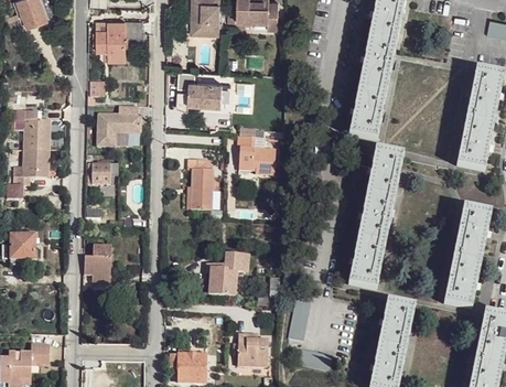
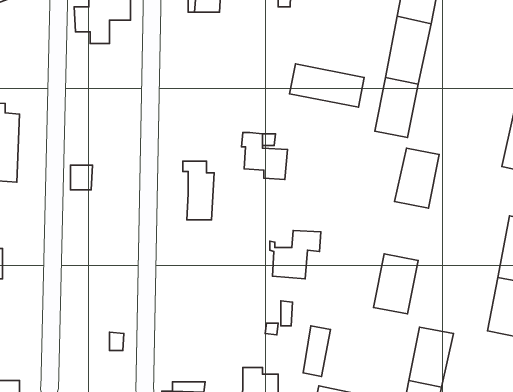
building: [176,72,222,111] -> none
building: none -> [290,64,364,107]
building: [95,106,140,146] -> none
building: [356,194,394,244] -> none
building: [83,245,110,284] -> none
building: [205,255,248,295] -> [270,231,321,279]

